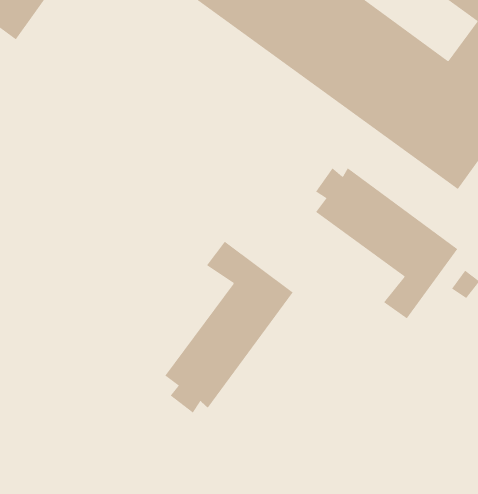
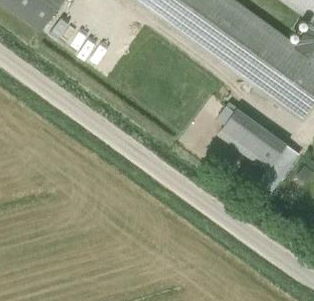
building: [164,241,294,413] -> none

